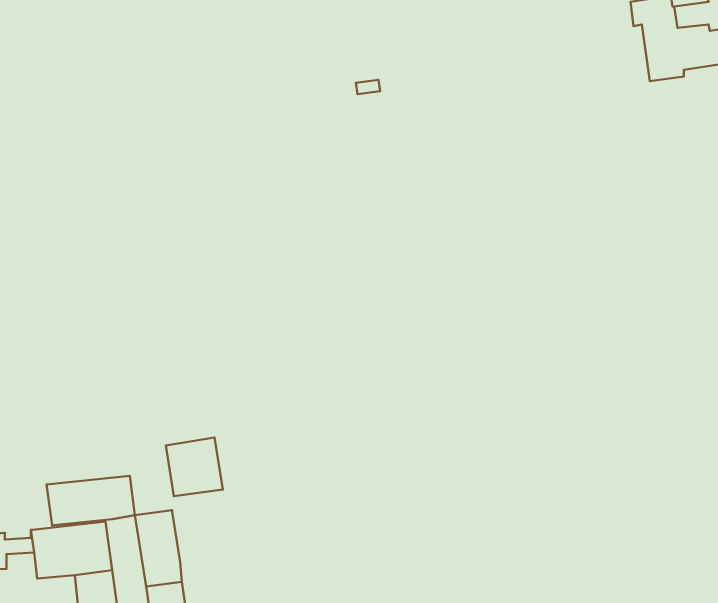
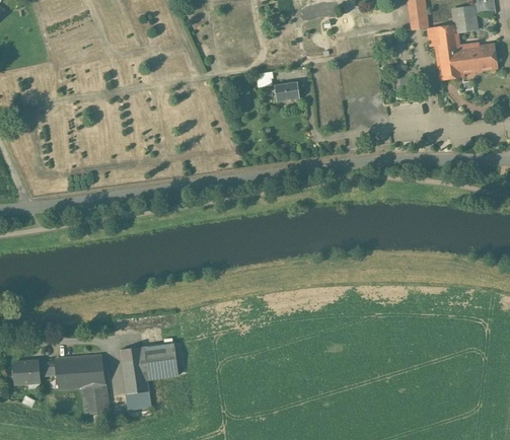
building: none -> [274,82,299,101]
building: [166,438,223,496] -> [142,343,177,379]
building: [47,476,135,526] -> none

